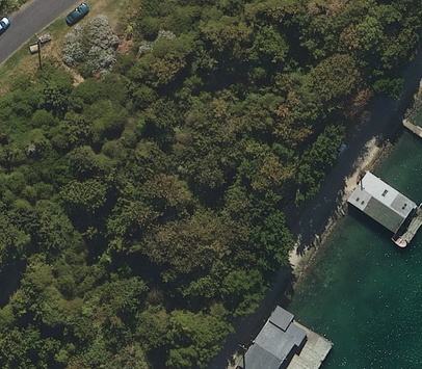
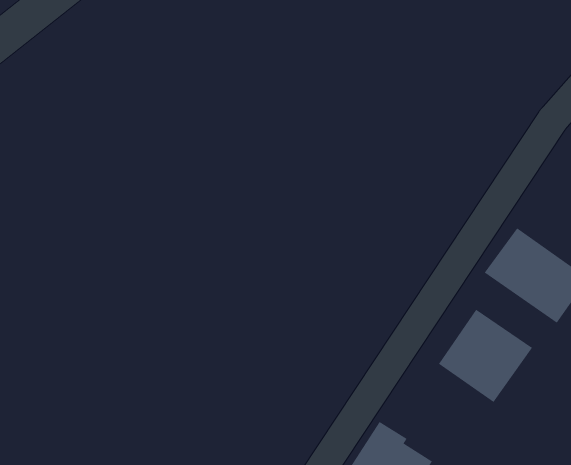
building: none -> [438,309,533,403]

